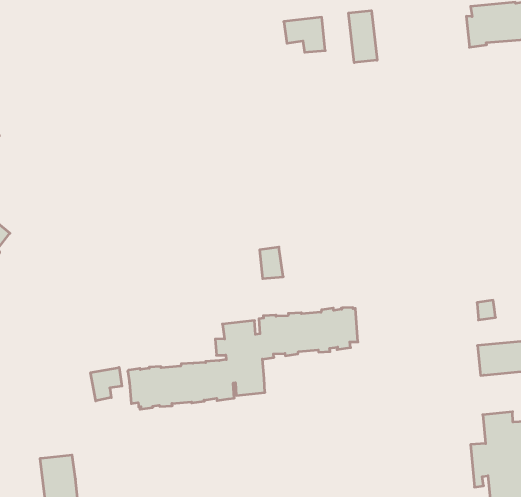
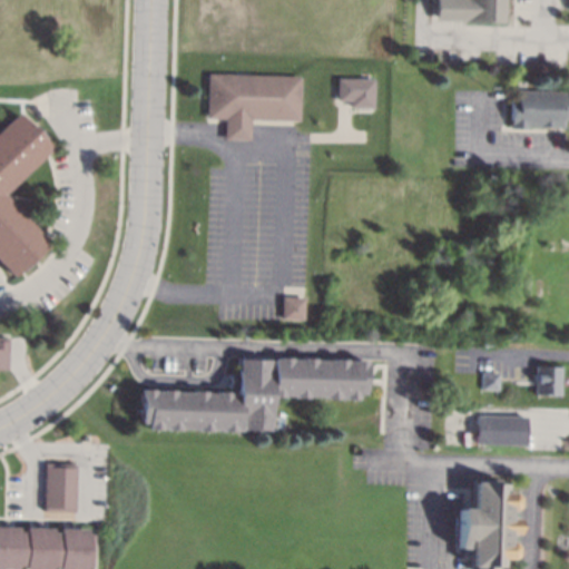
building: [349,11,377,63] -> none
building: none -> [208,73,303,140]
building: [91,367,122,401] -> none

